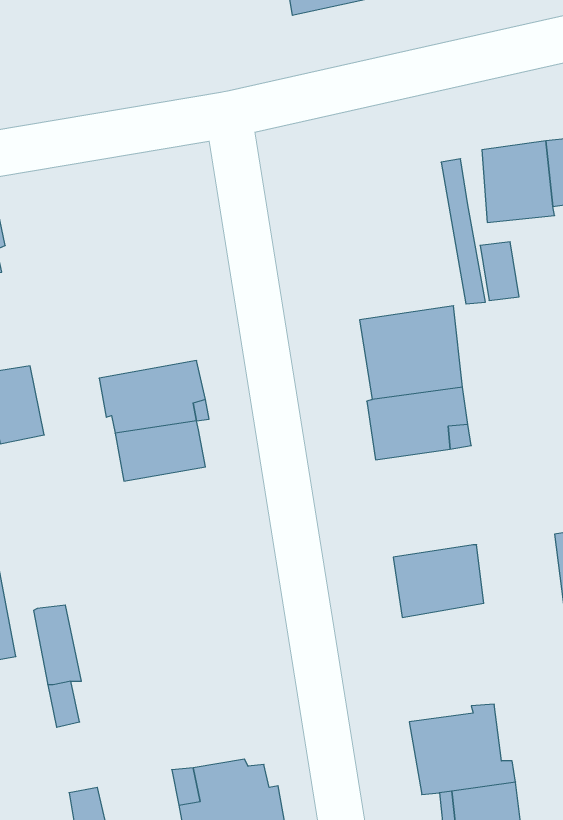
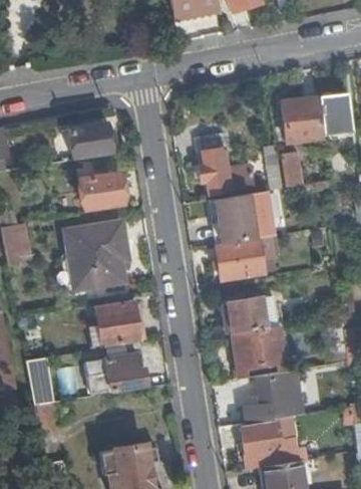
building: none -> [68,124,108,156]
building: none -> [199,129,252,192]
building: none -> [80,173,123,208]
building: none -> [220,296,276,332]
building: none -> [88,302,139,347]
building: none -> [87,352,145,393]
building: none -> [243,370,301,421]

